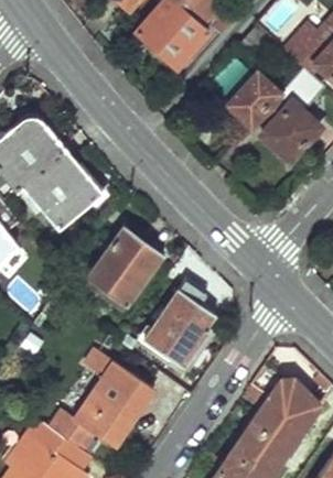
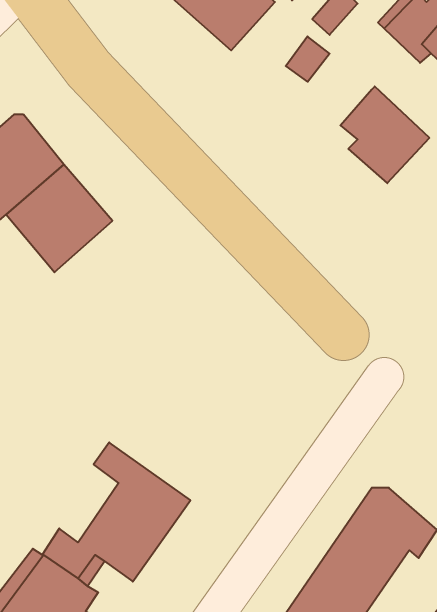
building: [230,78,280,128] -> none
building: [84,225,161,306] -> none
building: [144,276,217,368] -> none

